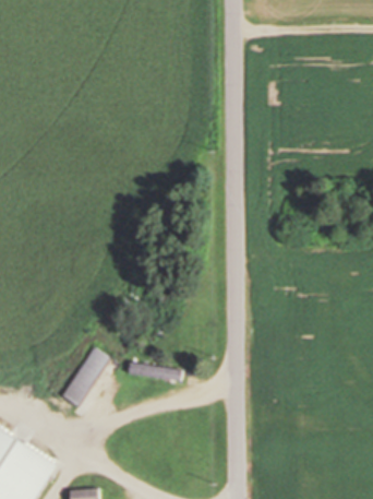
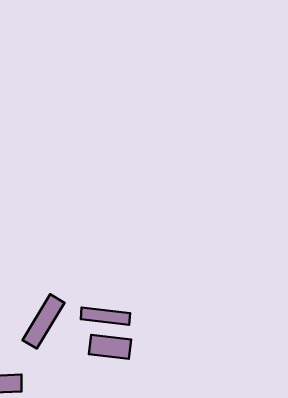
building: none -> [89,335,131,359]

